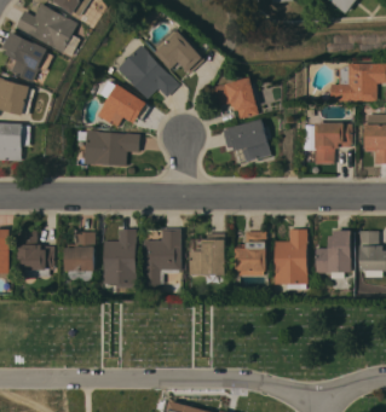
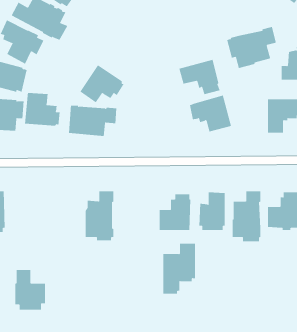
building: [155,29,204,72] -> none
building: none -> [227,26,277,69]
building: [115,43,178,98] -> none
building: none -> [24,92,60,127]
building: [142,227,180,286] -> [162,243,196,294]
building: [17,228,53,275] -> [15,270,46,310]
building: [63,231,94,280] -> none

